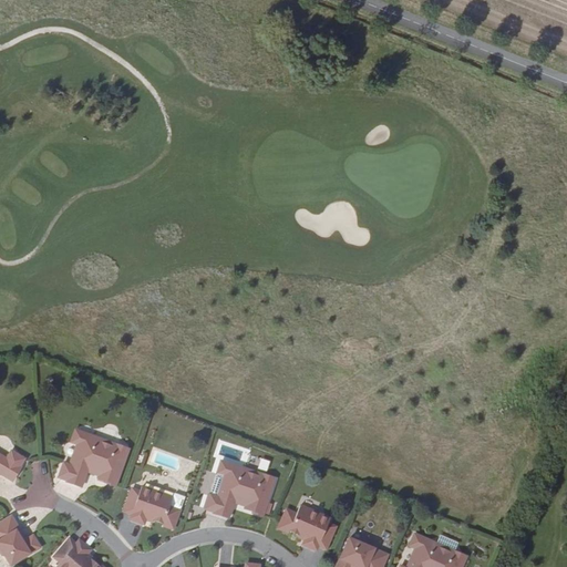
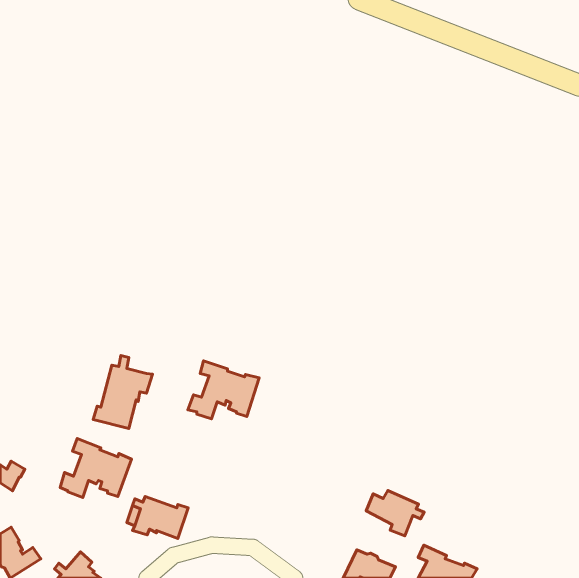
building: none -> [93,355,152,429]
building: [205,461,275,517] -> [188,361,259,419]
building: [279,505,336,549] -> [366,491,424,536]

